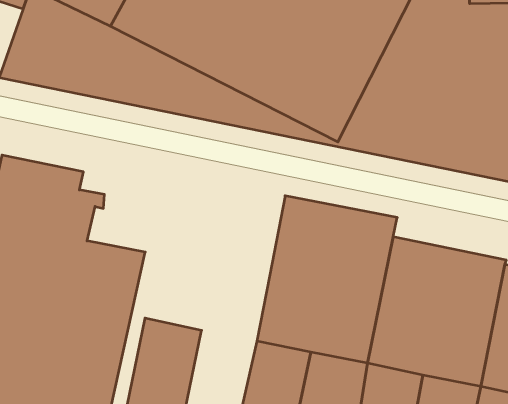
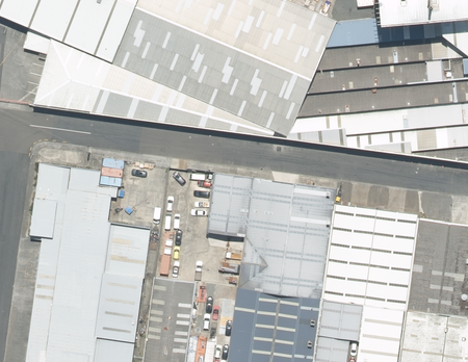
building: none -> [206,174,252,238]

